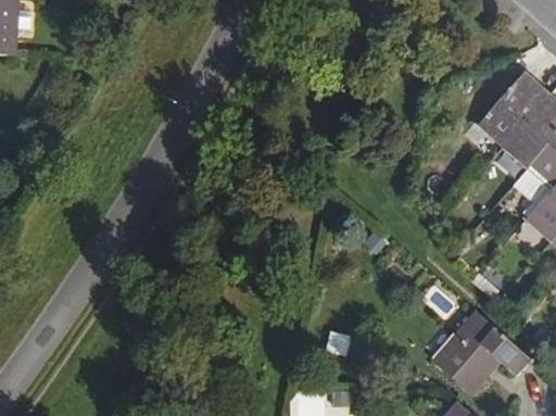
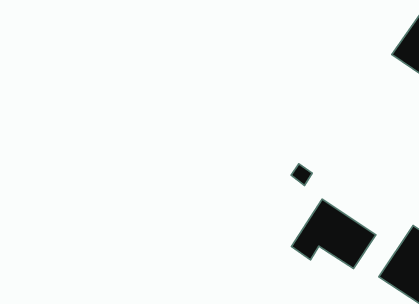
building: none -> [291,199,376,269]

